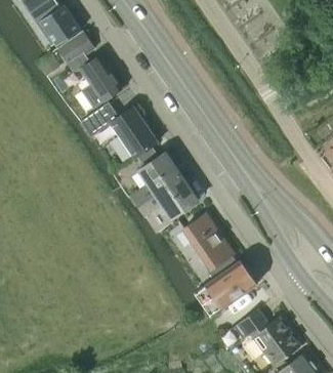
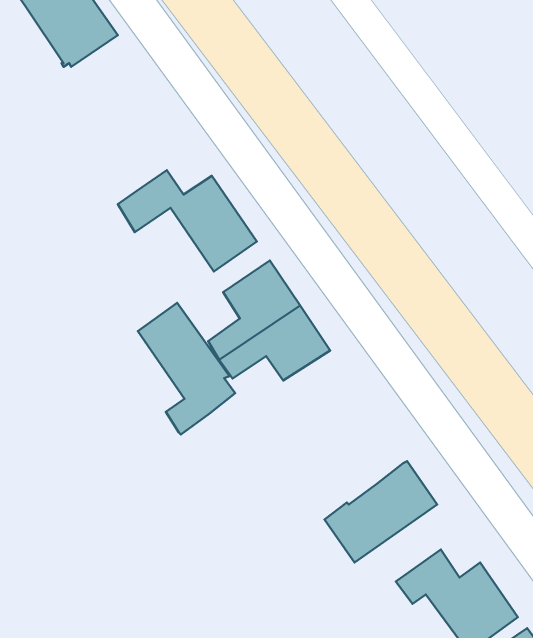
building: [57,31,121,108] -> none
building: [183,213,237,285] -> [138,303,235,434]

